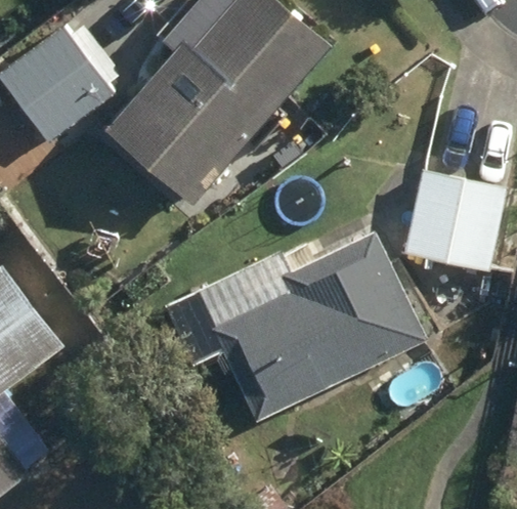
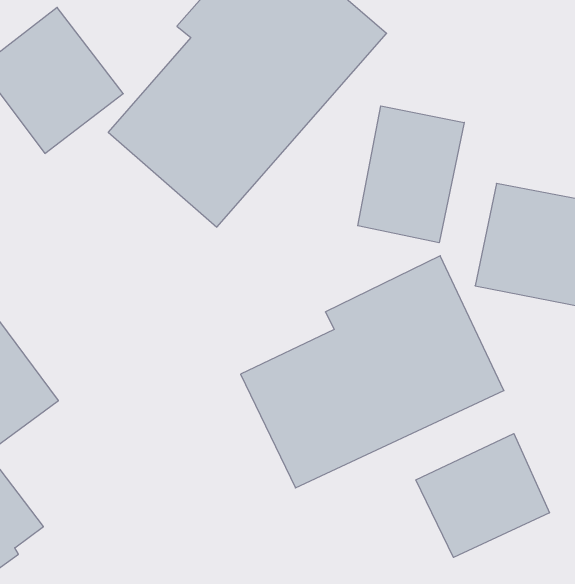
building: none -> [358,106,464,243]
building: none -> [416,434,549,557]

